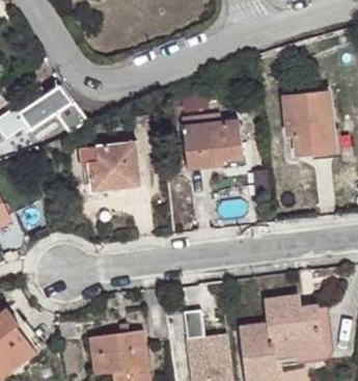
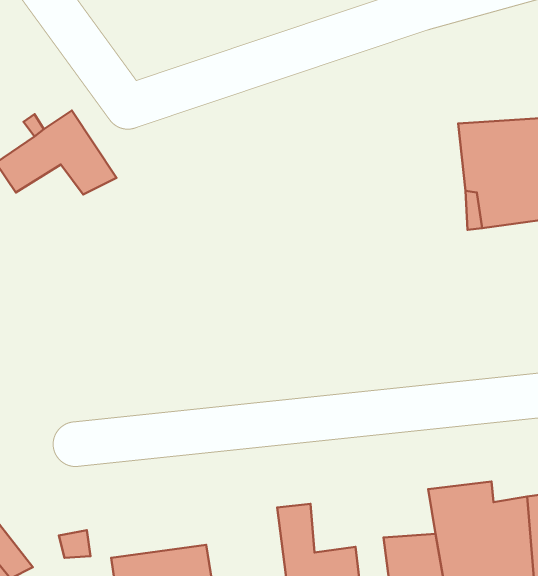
building: [181,115,242,168] -> none
building: [79,141,140,190] -> none

